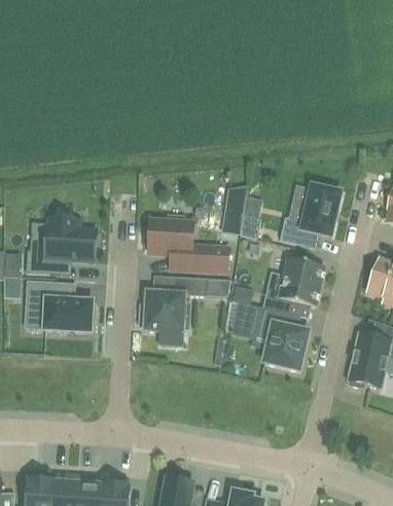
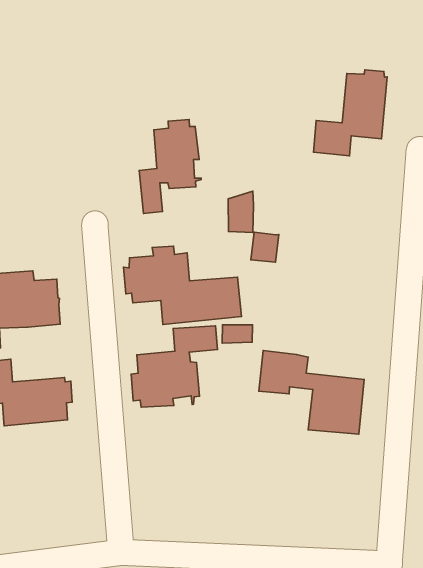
building: none -> [139,119,201,213]
building: [280,184,341,245] -> [313,70,387,156]
building: [262,258,324,314] -> none

